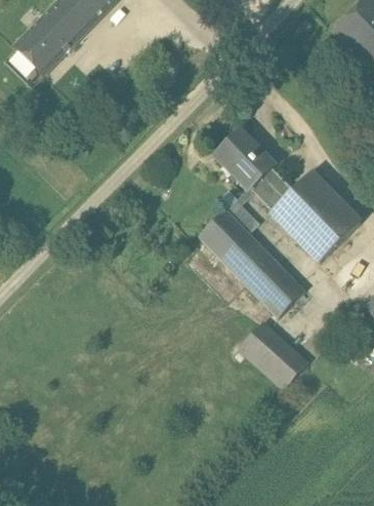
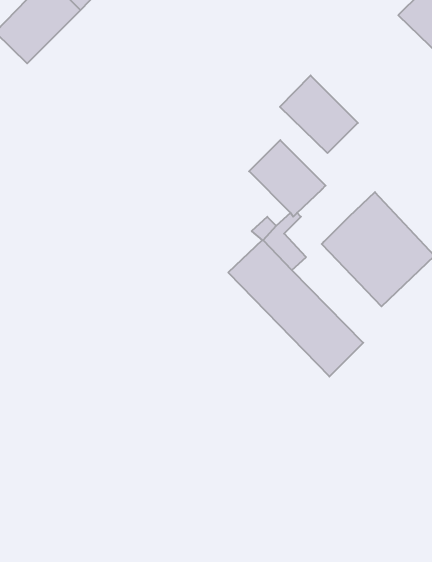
building: none -> [280,75,358,153]
building: [252,169,293,210] -> none
building: [238,322,307,390] -> none

